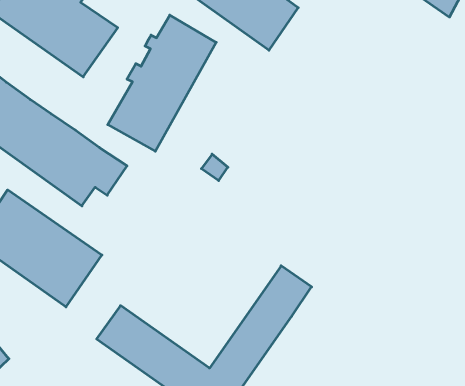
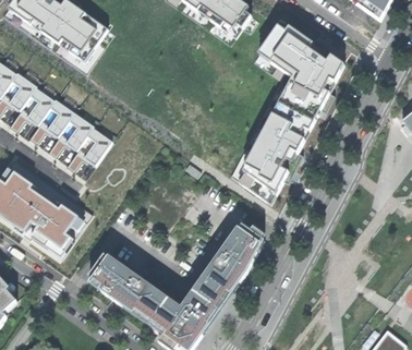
building: [108,15,216,151] -> none
building: none -> [241,23,349,203]

